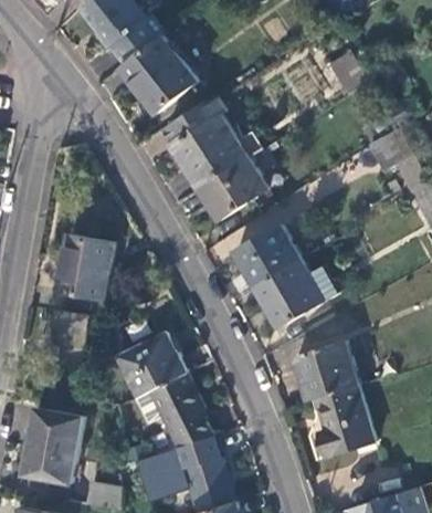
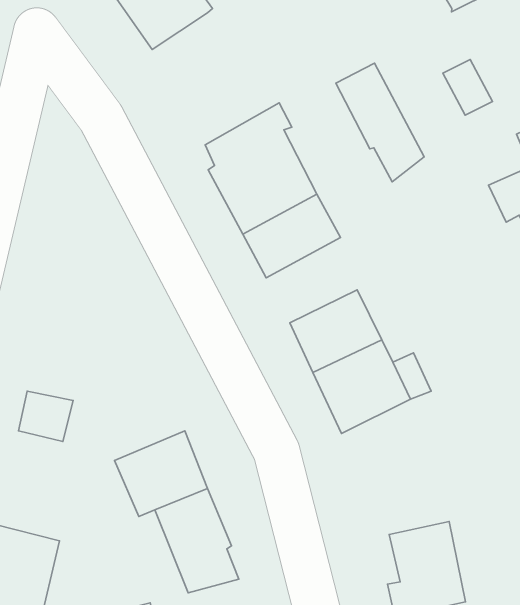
building: [120,35,199,114] -> none
building: none -> [336,63,424,182]
building: [57,235,114,301] -> none
building: [295,342,358,400] -> none

